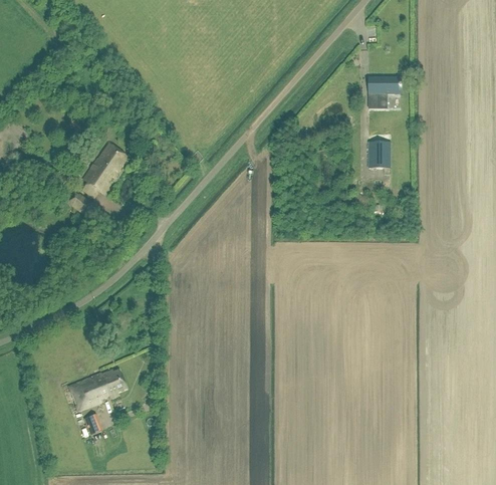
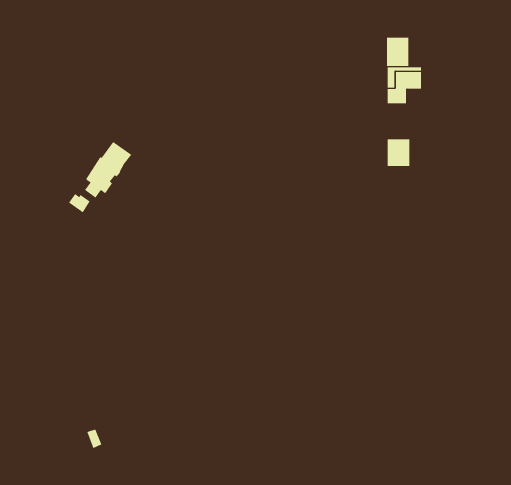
building: none -> [387,37,409,67]
building: [68,370,126,411] -> none

